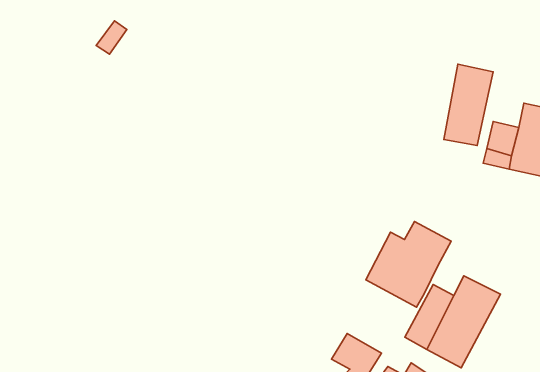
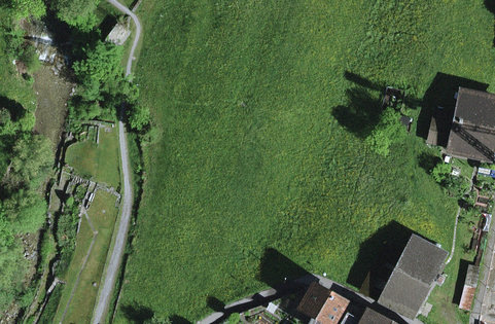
building: [444,64,493,146] -> none
building: [366,222,451,307] -> none

